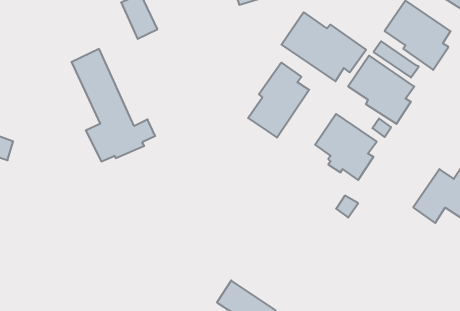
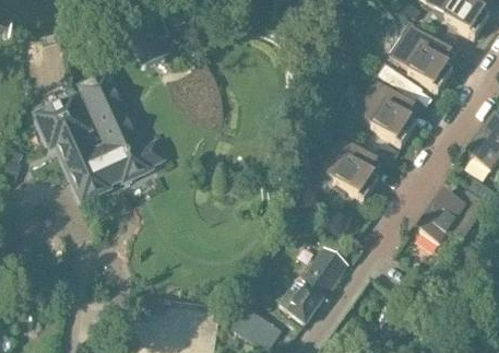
building: [281,12,366,81] -> none
building: [248,63,309,138] -> none
building: none -> [34,94,109,199]
building: none -> [277,248,346,323]

